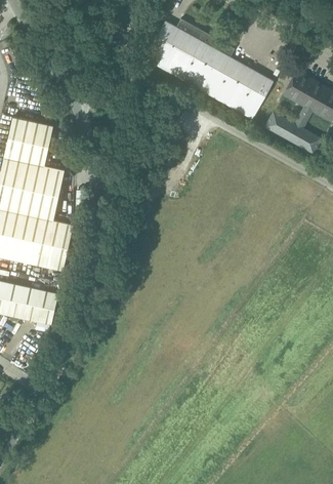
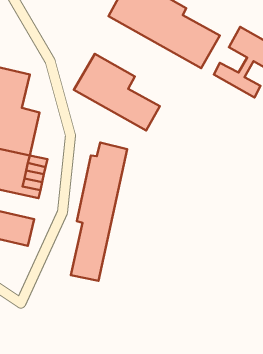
building: none -> [74,54,160,130]
building: none -> [71,143,127,281]

